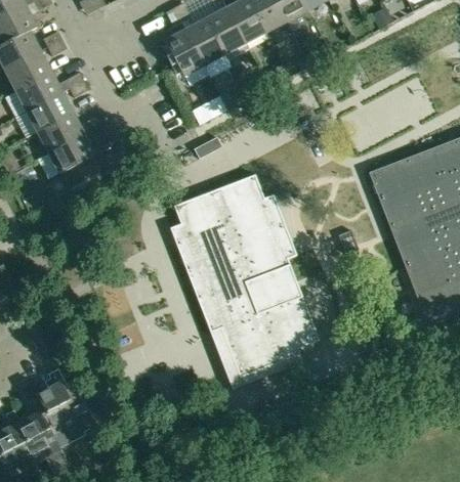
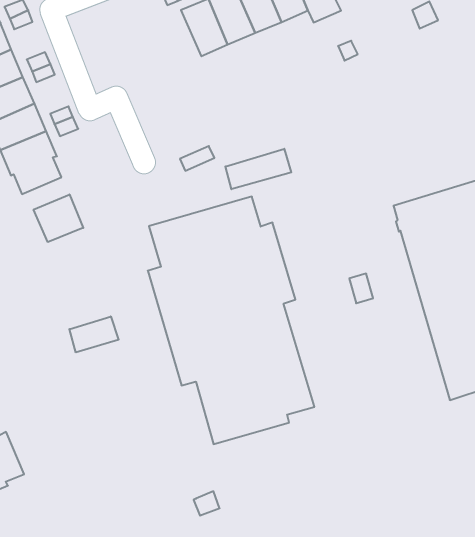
building: [164,29,204,76] -> none
building: none -> [225,149,291,189]
building: none -> [34,194,83,242]
building: none -> [69,316,119,352]

